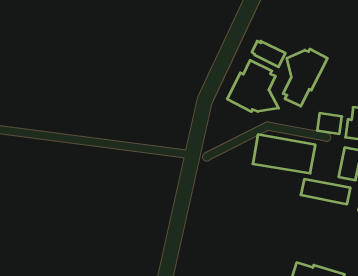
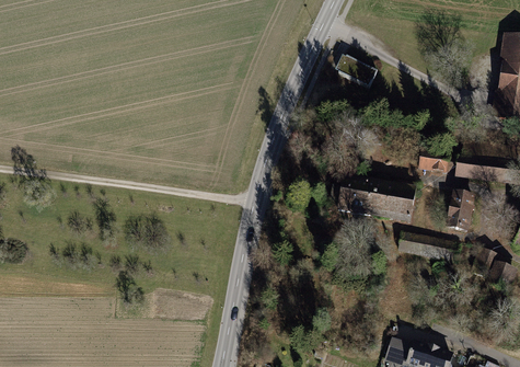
building: [283,49,327,106] -> none
building: [227,60,279,112] -> none

